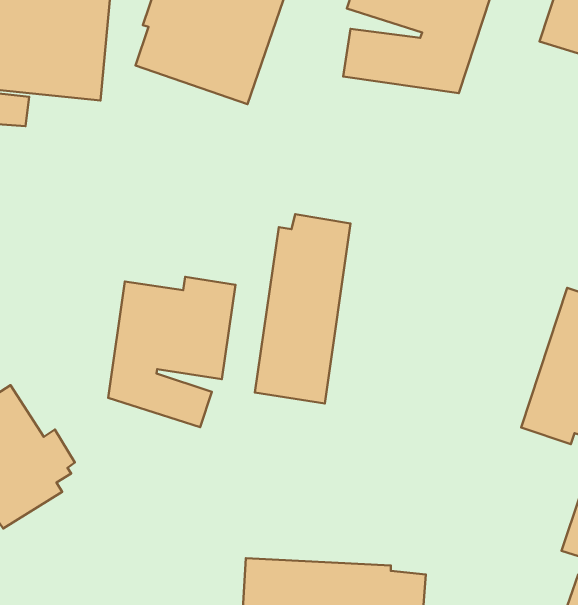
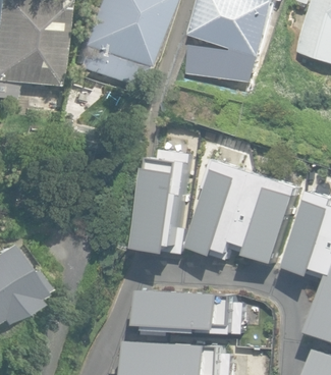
building: none -> [195,163,305,266]
building: [108,277,236,427] -> none
building: none -> [149,290,251,332]

